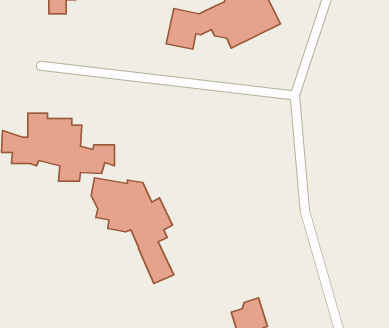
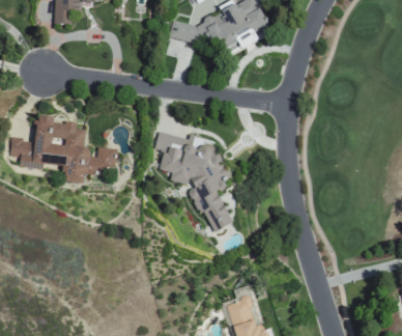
building: [91,178,174,284] -> [155,132,233,231]

